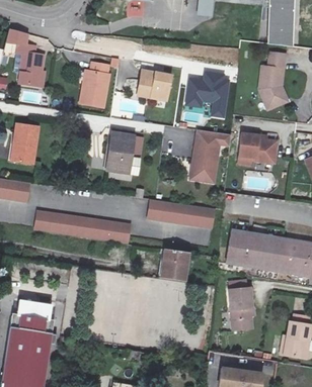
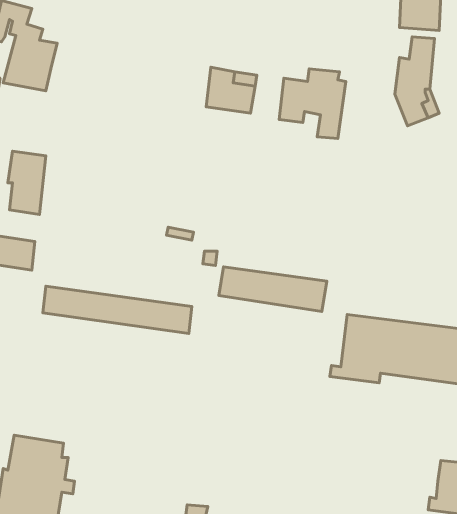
building: [81,62,111,108] -> none
building: [191,130,232,182] -> none
building: [104,131,138,174] -> none
building: [239,132,279,165] -> none
building: [162,249,188,281] -> none
building: [229,286,253,327] -> none

